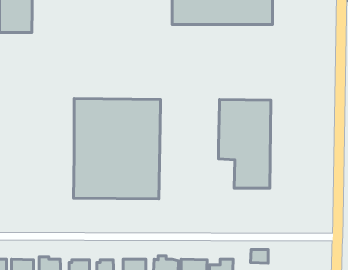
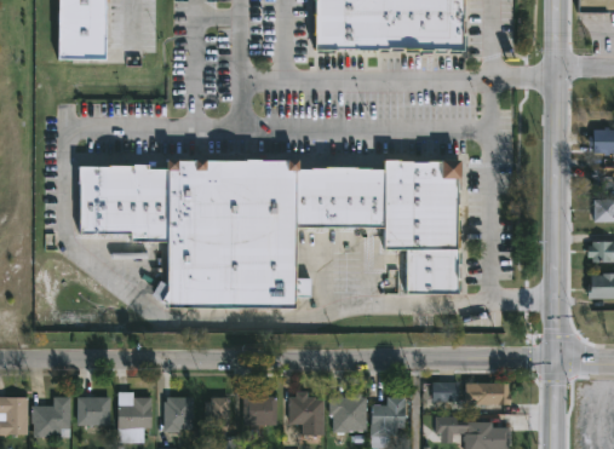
building: none -> [79,162,170,241]
building: none -> [297,165,385,228]
building: none -> [464,382,512,404]

